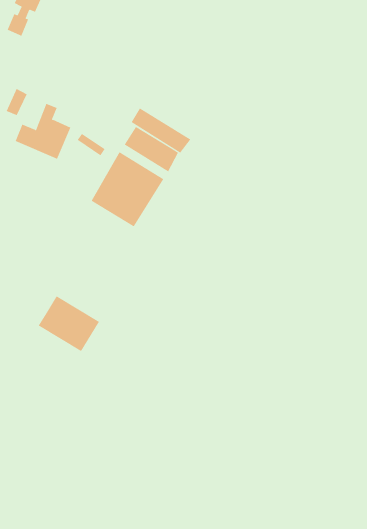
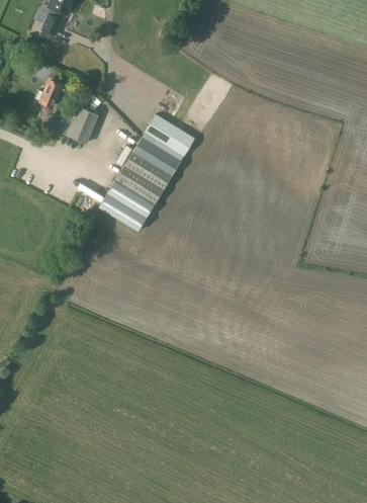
building: [131,108,191,153] -> none
building: [38,296,100,352] -> [99,180,154,230]

